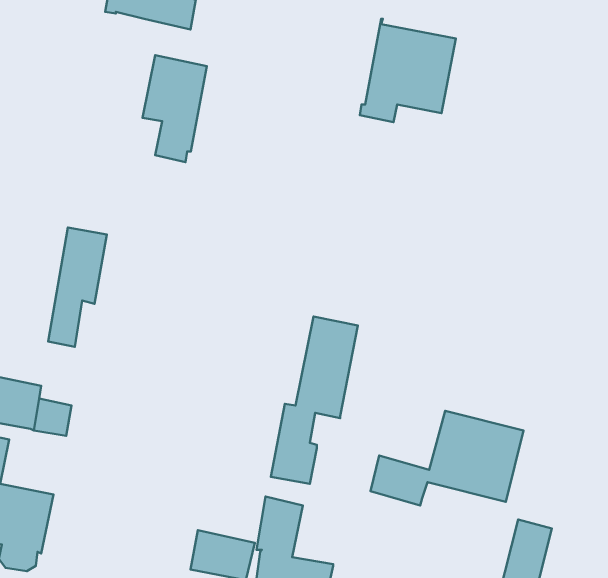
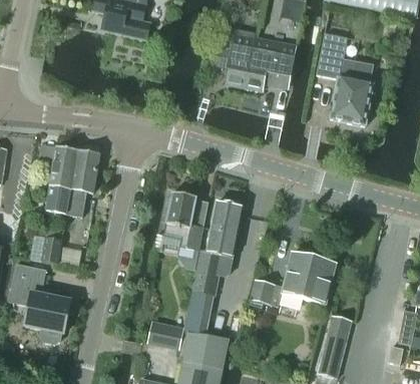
building: none -> [316,34,372,124]
building: [143,55,207,162] -> [219,27,255,87]
building: none -> [45,146,78,215]
building: none -> [163,191,203,250]

